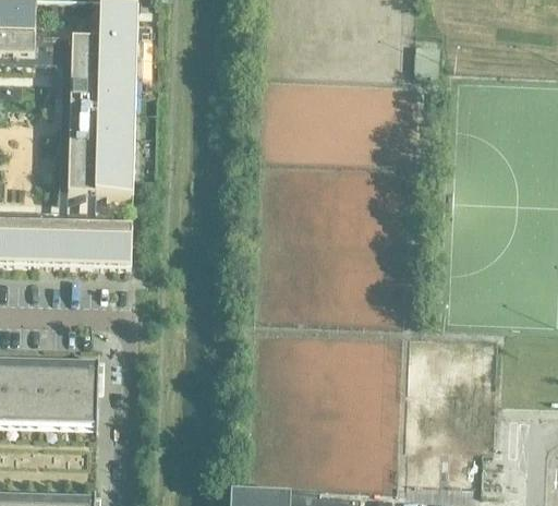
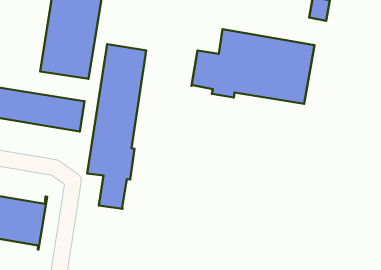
building: none -> [191,29,315,104]
building: none -> [87,44,146,209]

